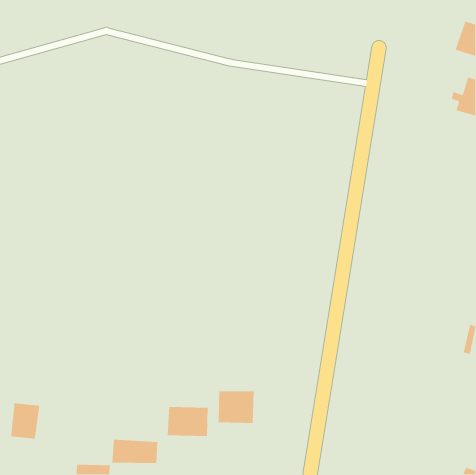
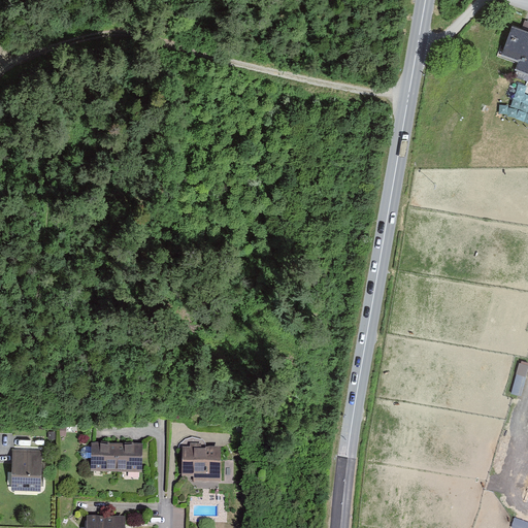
building: [218,390,254,424] -> none
building: [111,439,158,464] -> [91,441,142,469]

